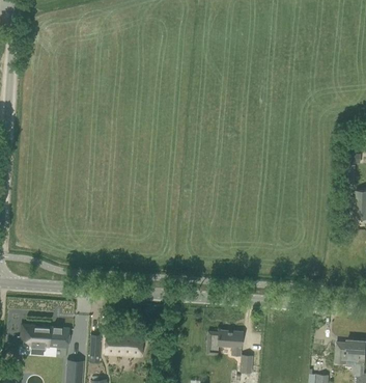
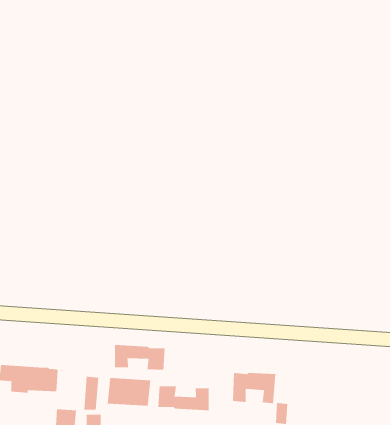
building: none -> [115,344,165,370]
building: none -> [158,385,209,411]

